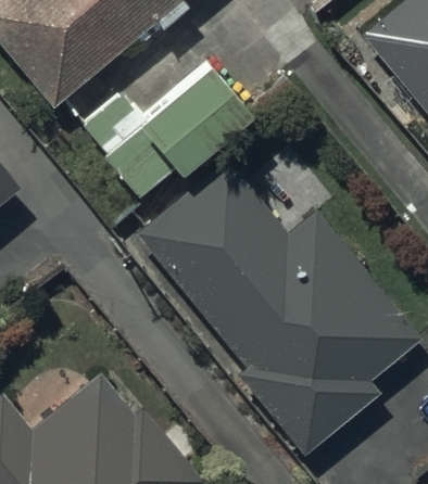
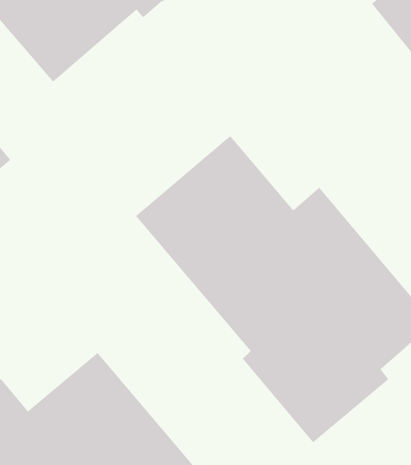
building: [84,58,252,194] -> none

